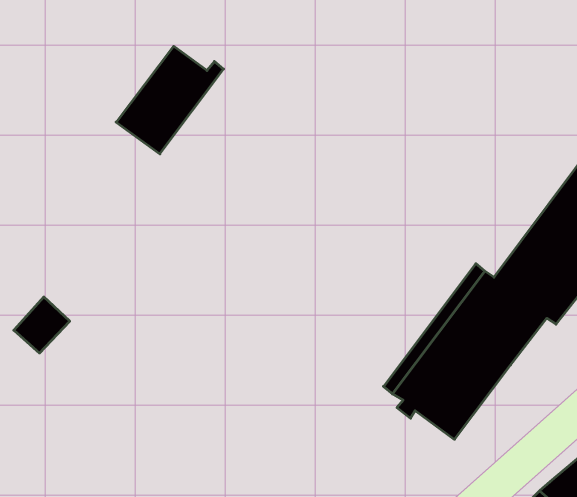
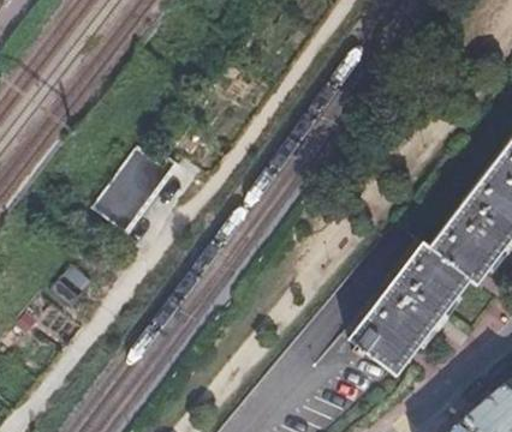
building: [116,46,224,154] -> [91,145,177,230]

